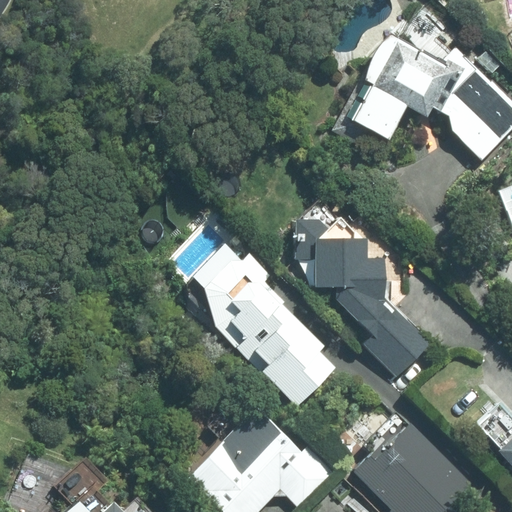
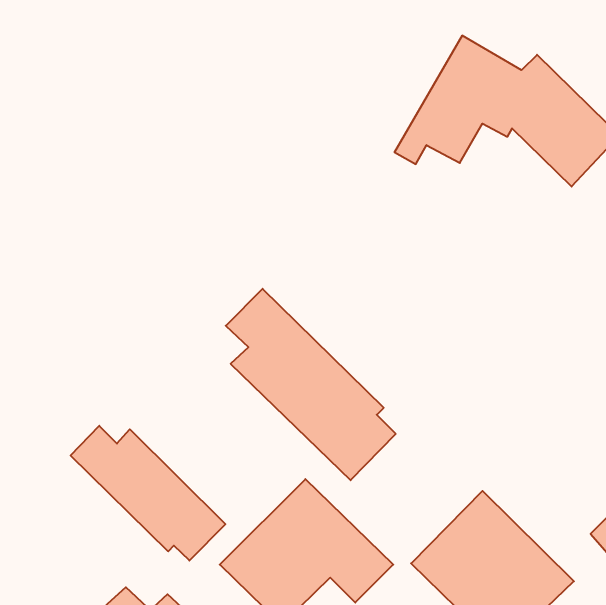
building: [295,217,431,379] -> none
building: none -> [71,426,225,561]

